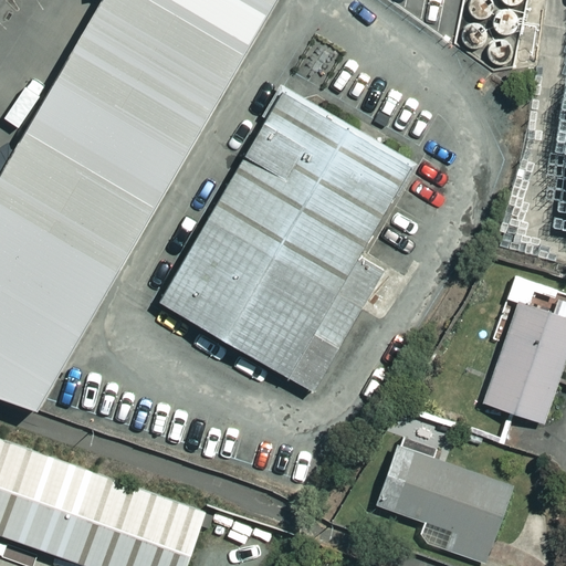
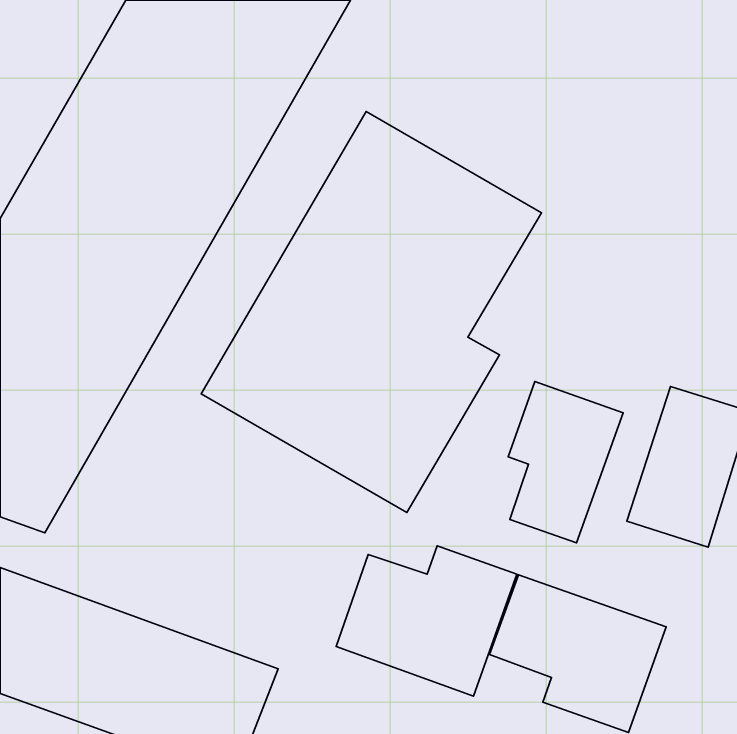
building: none -> [508,381,623,543]
building: none -> [336,546,517,696]

